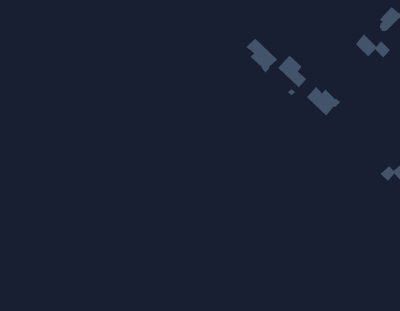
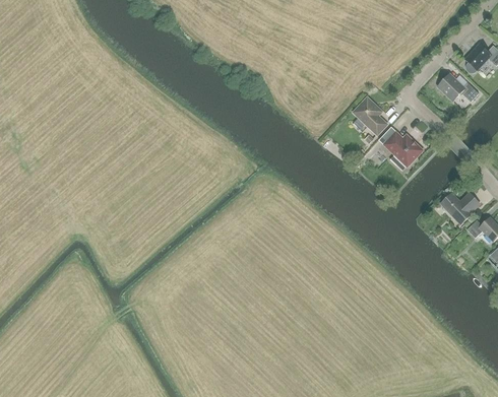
building: [246,38,278,74] -> none
building: none -> [441,193,480,223]

